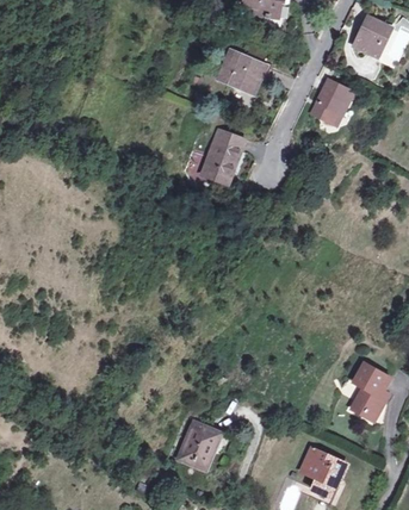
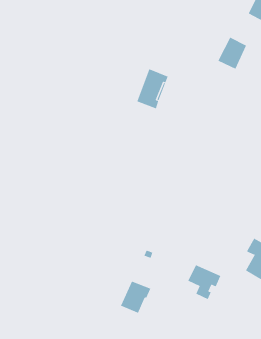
building: [217,46,266,89] -> none
building: [299,446,346,495] -> [188,265,221,300]

